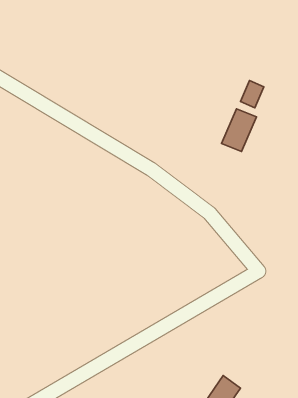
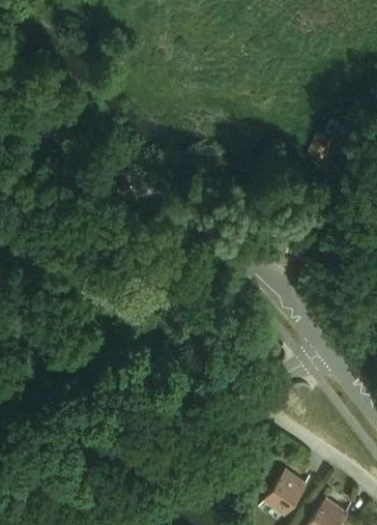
building: [221,109,257,151] -> none

